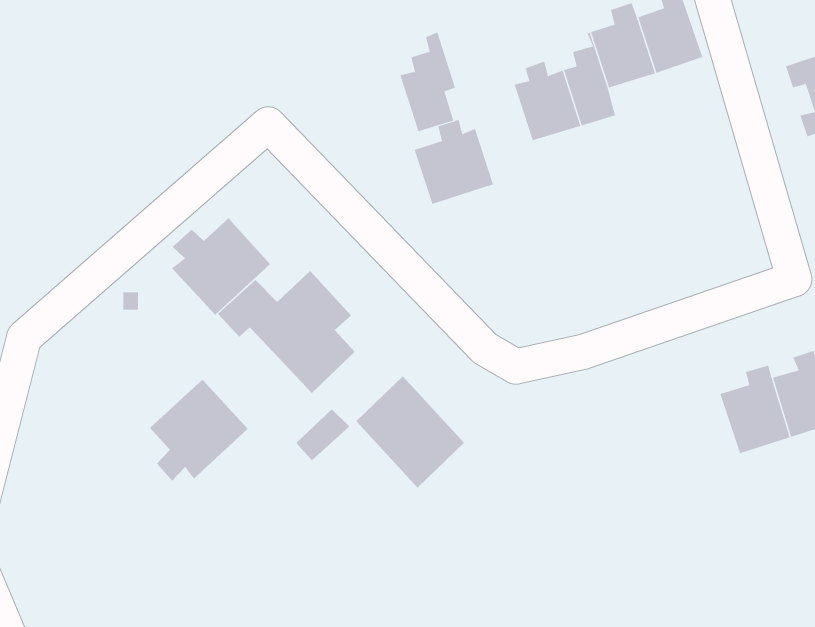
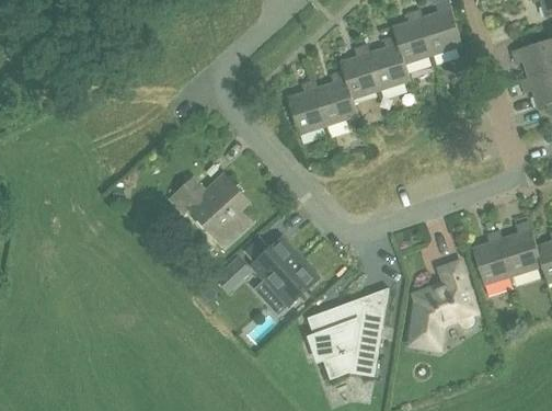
building: [400,32,456,132] -> [324,61,358,122]
building: [171,218,271,316] -> none
building: [149,379,249,481] -> none
building: none -> [410,262,475,347]
building: none -> [307,287,389,378]

